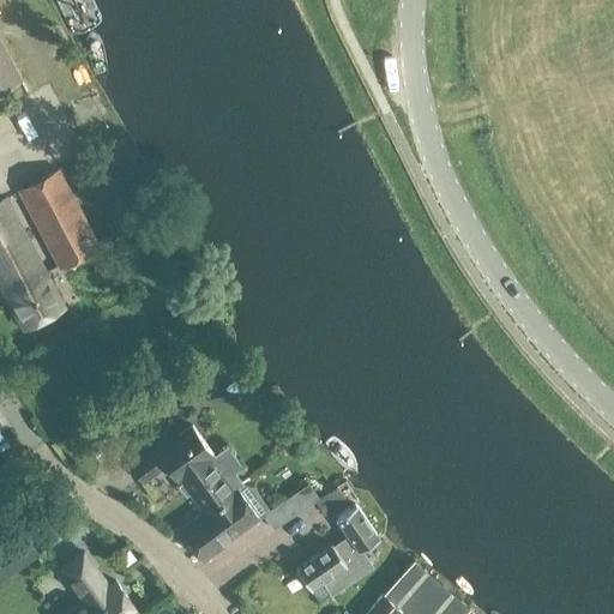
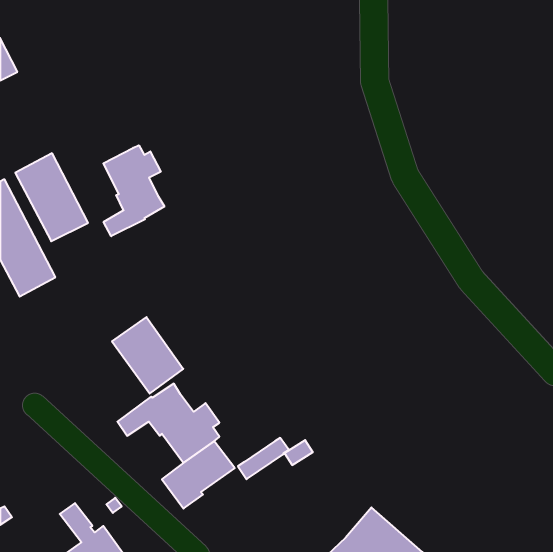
building: none -> [103,145,164,236]
building: none -> [112,317,183,394]
building: [297,507,379,594] -> none

